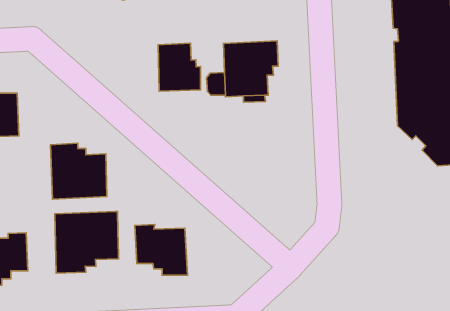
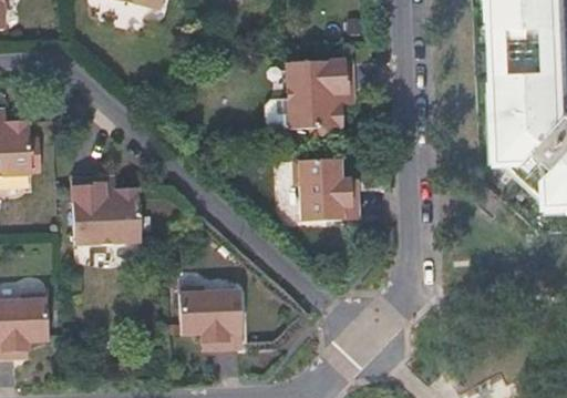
building: [158,43,201,91] -> none
building: none -> [289,156,355,222]
building: [55,211,119,273] -> none

